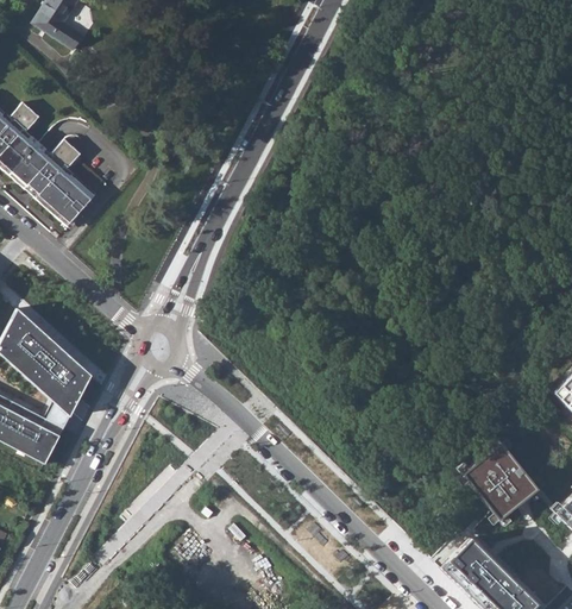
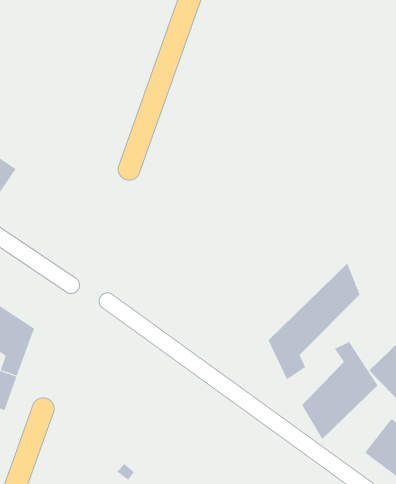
building: none -> [268,263,360,380]
building: none -> [301,341,378,440]

